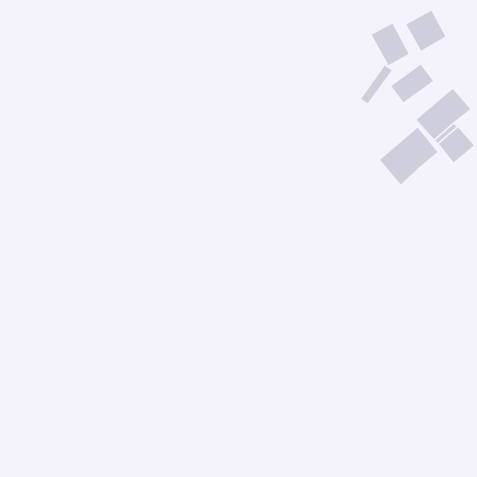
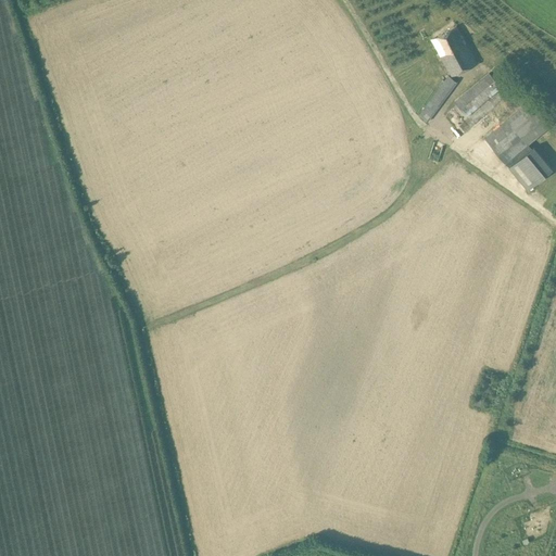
building: [405,10,447,52] -> none
building: [379,126,439,186] -> none

